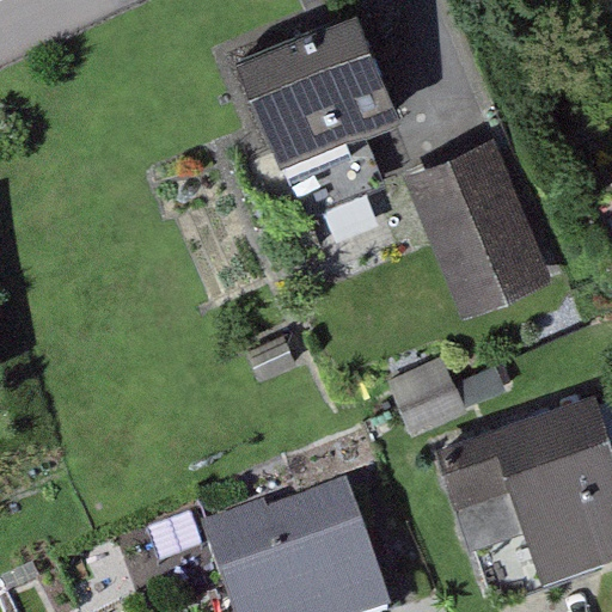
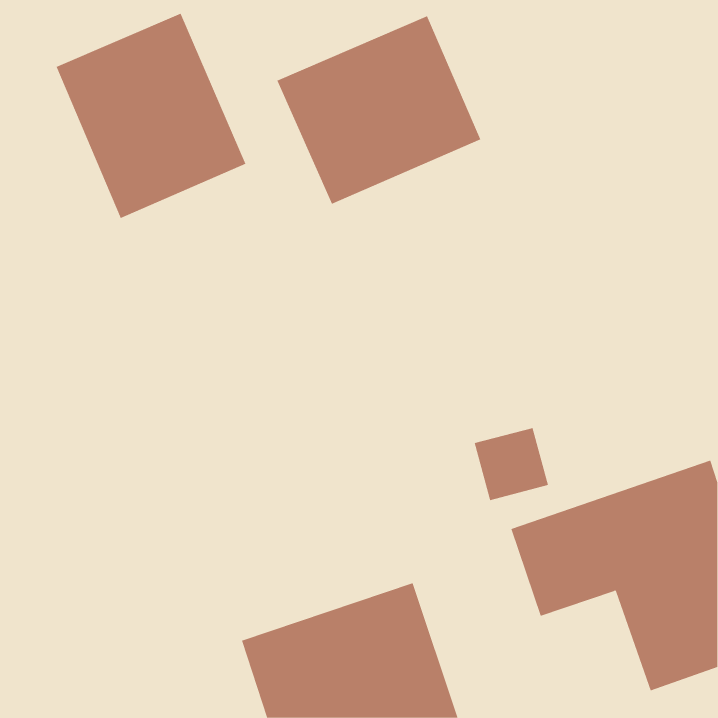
building: none -> [56,13,246,219]
building: [405,142,550,320] -> none

